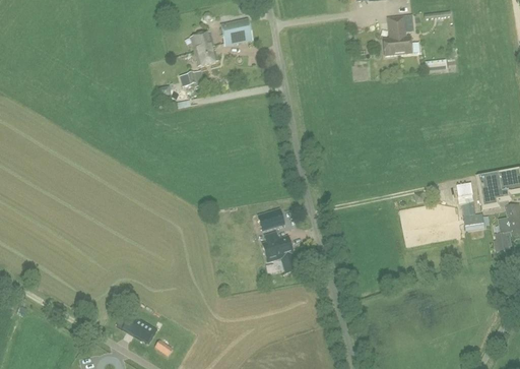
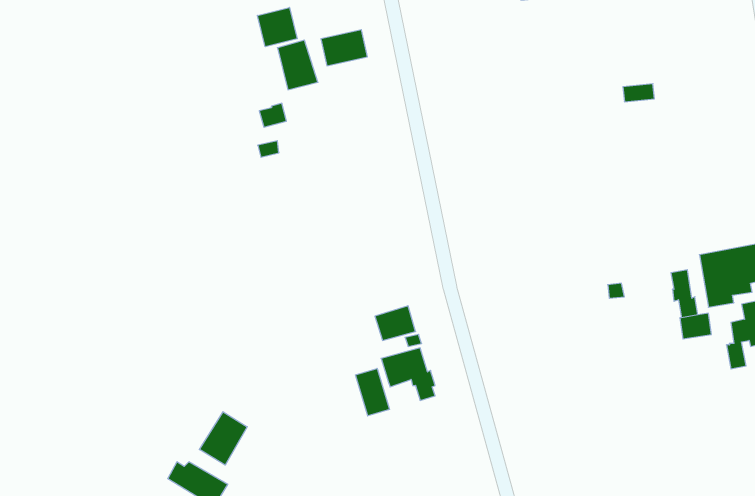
building: none -> [257,7,297,47]
building: [383,16,413,56] -> none
building: none -> [355,368,389,416]
building: none -> [199,412,247,465]

